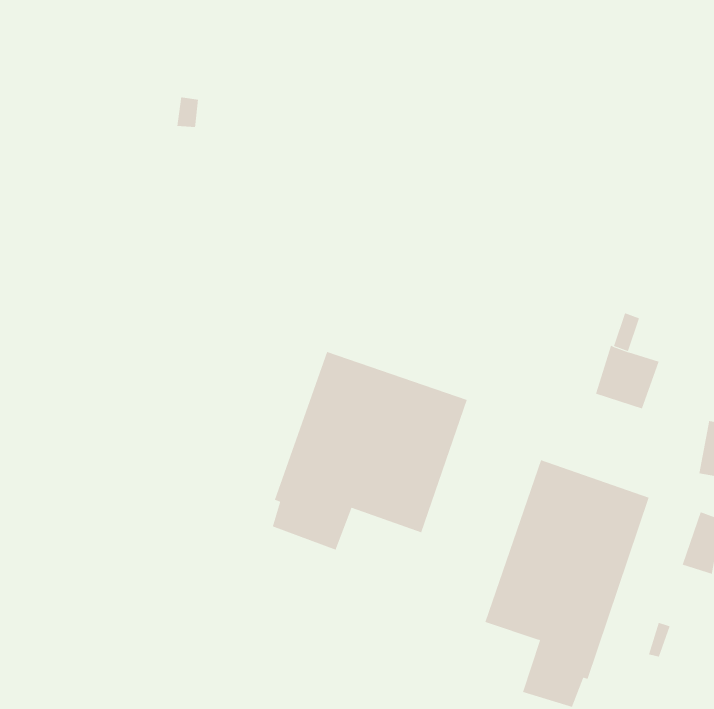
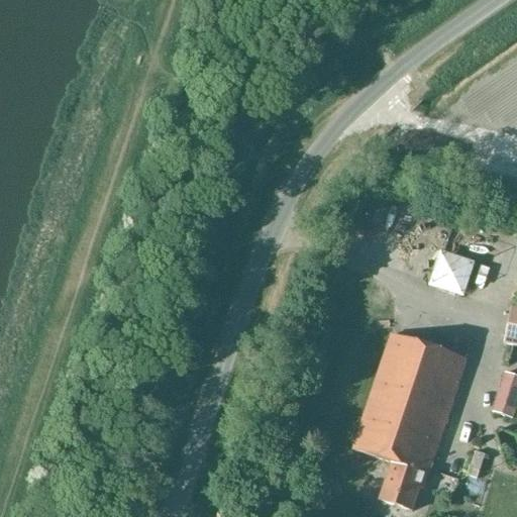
building: [272,351,468,550] -> none

